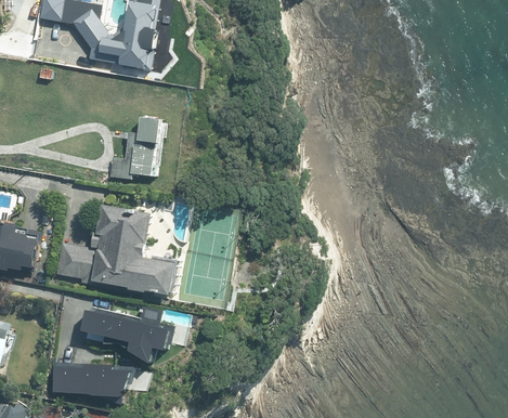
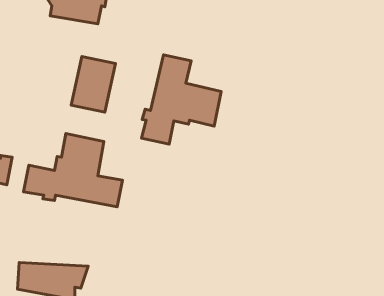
building: none -> [141,55,221,144]
building: [80,303,173,363] -> none

